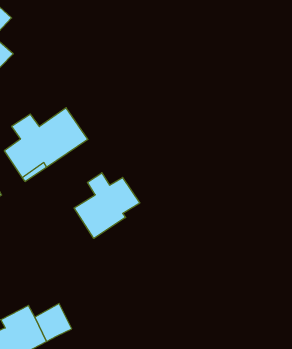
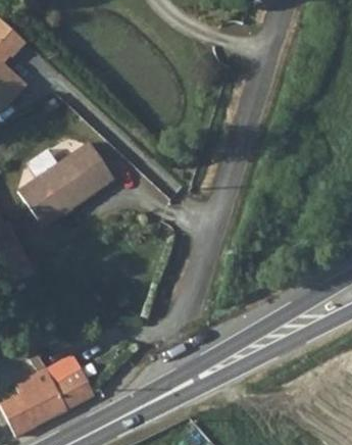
building: [74,173,140,238] -> none

